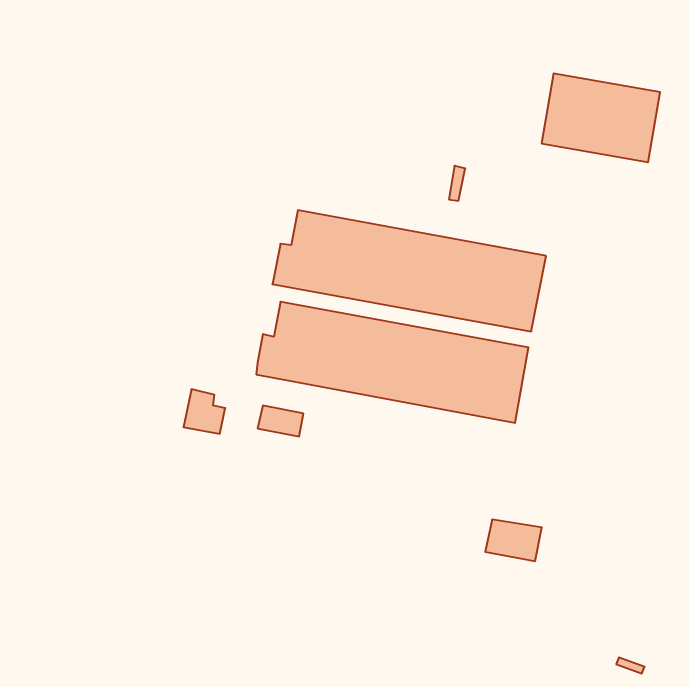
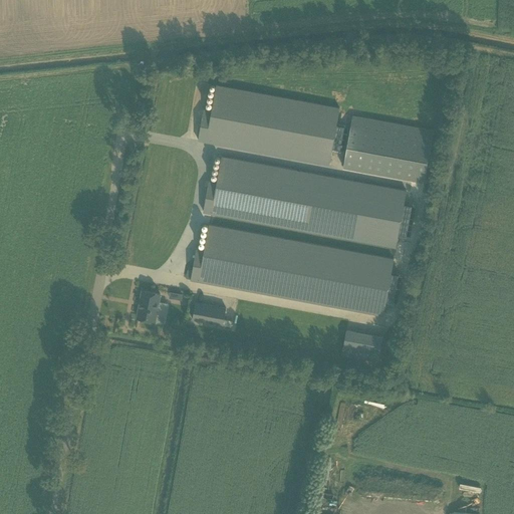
building: [542,73,660,162] -> [343,116,432,183]
building: none -> [198,86,339,166]
building: [485,520,542,561] -> [341,331,383,362]

